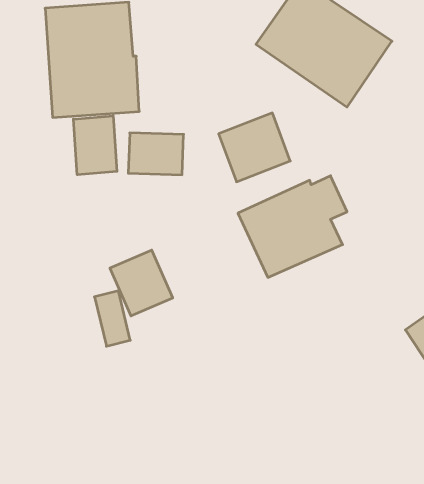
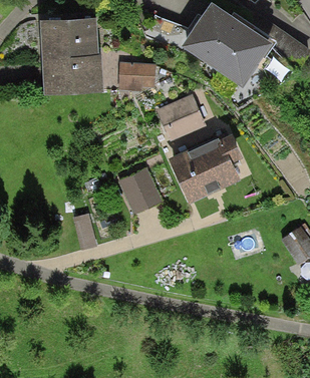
building: [73,116,117,175] -> none
building: [128,133,184,175] -> [118,61,156,89]
building: [110,250,173,316] -> [118,168,161,213]

